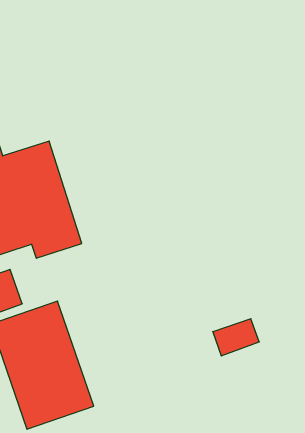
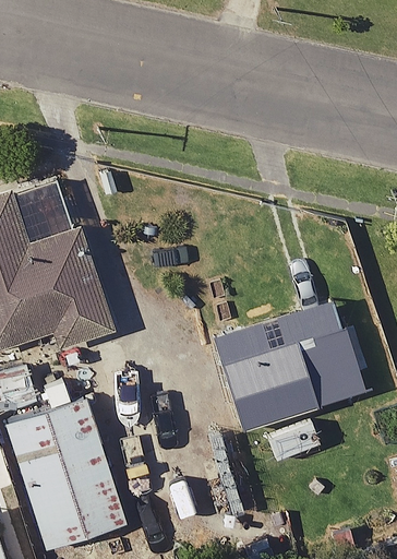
building: none -> [210,297,365,431]

